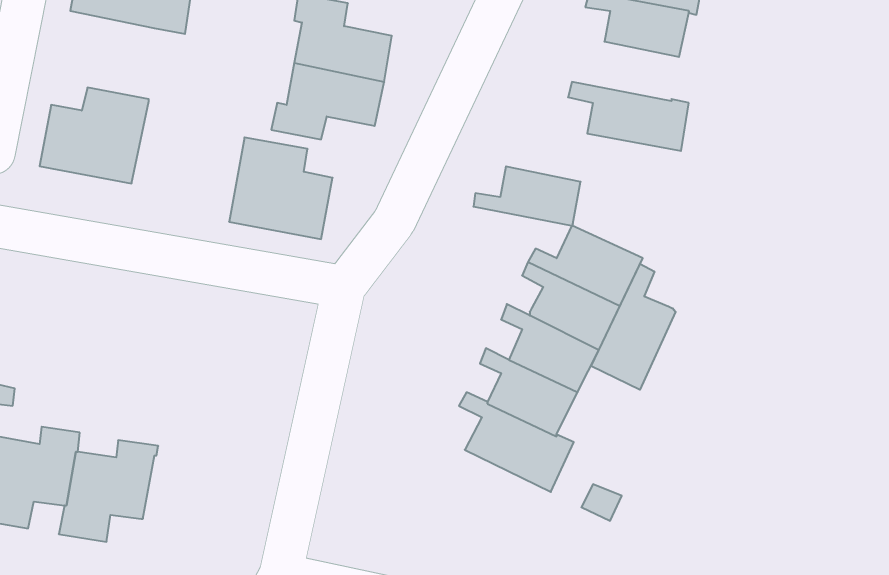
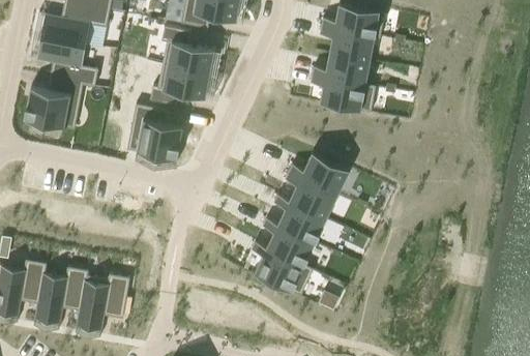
building: none -> [35,36,98,87]
building: [473,166,581,226] -> [312,53,370,85]
building: [591,264,676,390] -> none
building: none -> [76,275,129,330]

